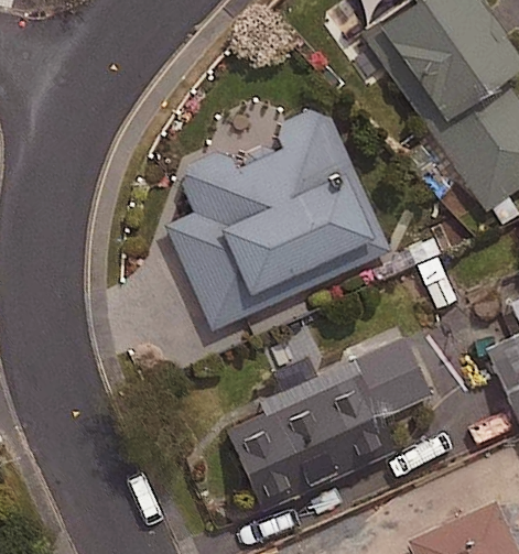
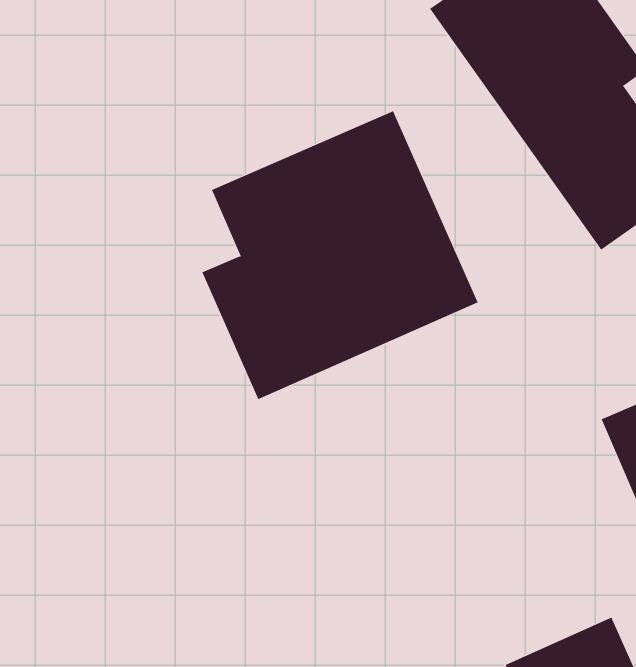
building: [228,312,490,507] -> none

